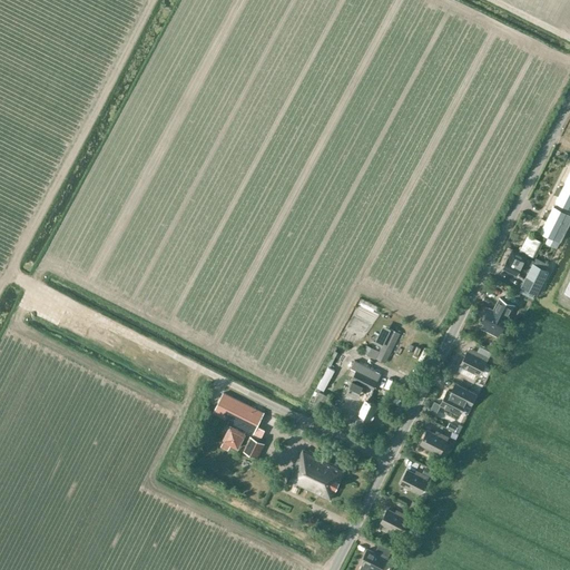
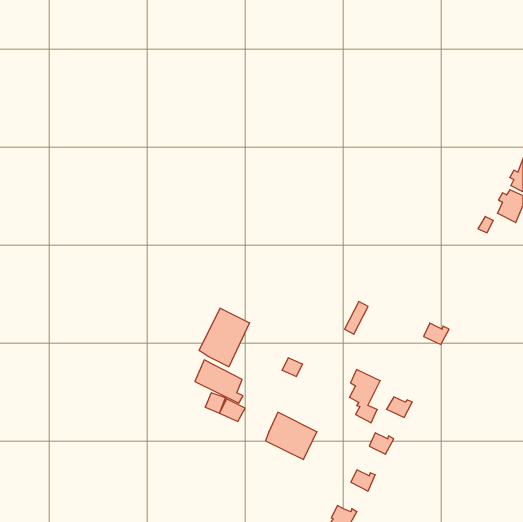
building: [501,252,548,296] -> none
building: [481,299,512,334] -> none
building: none -> [199,308,250,367]
building: [345,363,379,421] -> [349,370,380,423]
building: [440,387,475,416] -> none

